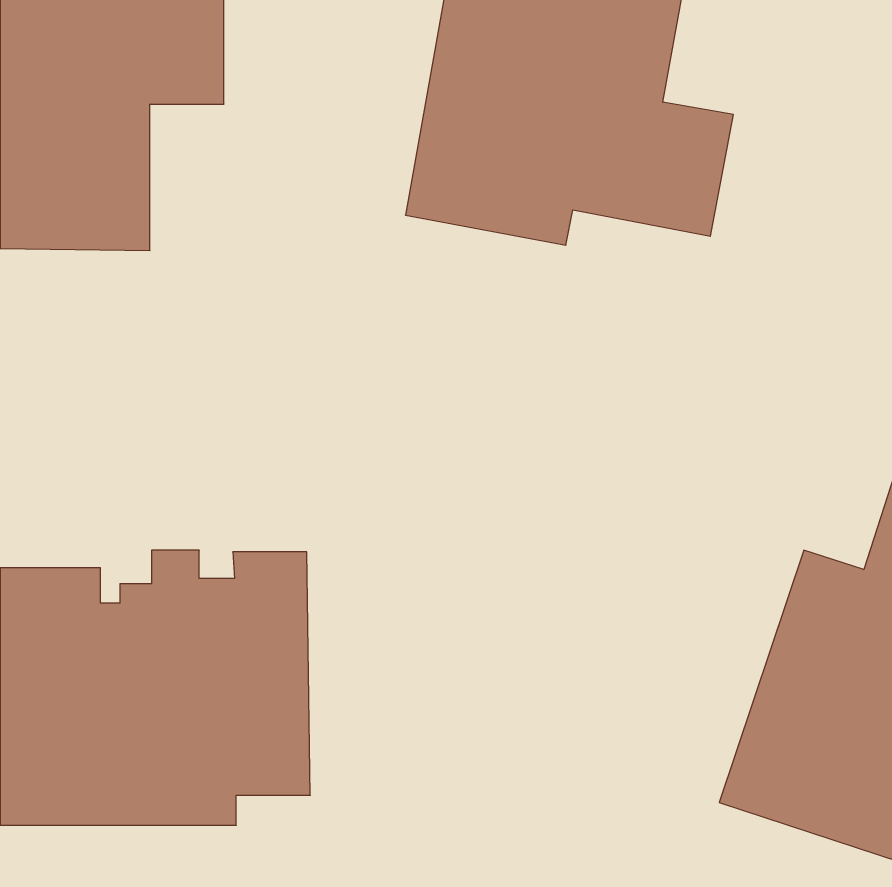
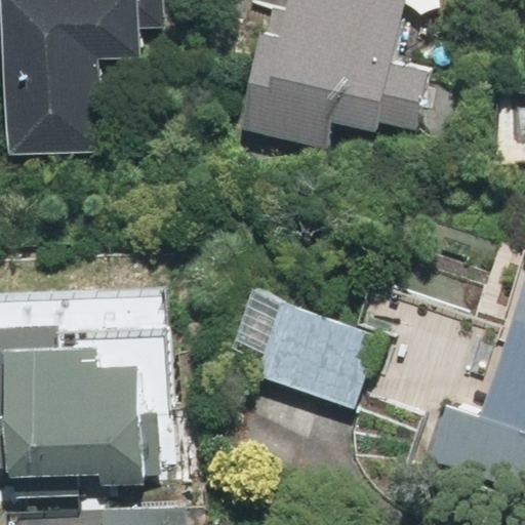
building: none -> [229,290,385,410]

